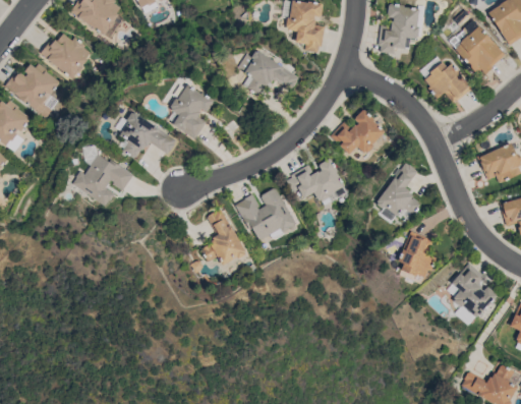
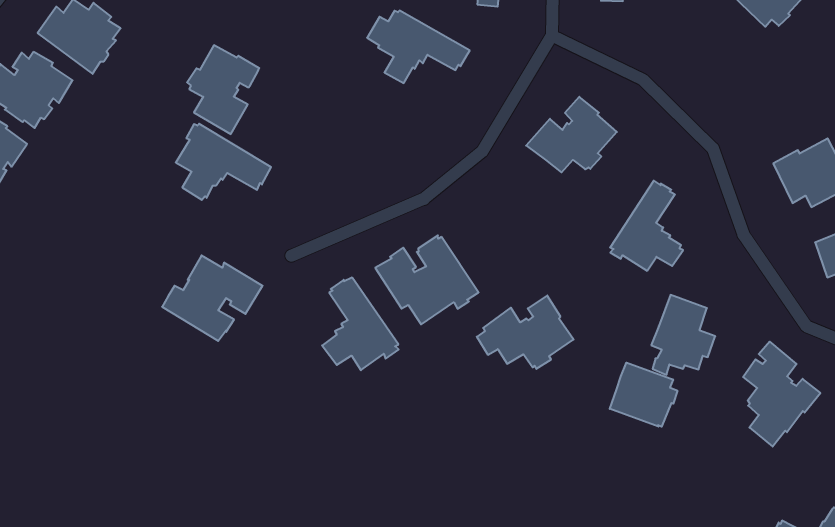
building: [424,62,471,104] -> none
building: [170,85,214,139] -> [187,45,259,134]
building: [72,155,133,207] -> [162,255,263,341]
building: [287,159,345,203] -> [477,295,574,369]
building: none -> [610,363,677,427]

